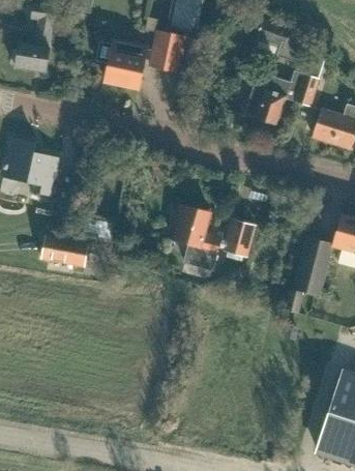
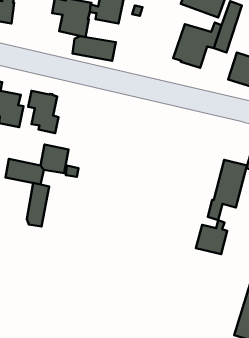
building: none -> [72,36,116,61]
building: none -> [28,91,58,133]
building: [172,204,255,270] -> none
building: none -> [27,183,49,226]
building: none -> [196,220,227,254]

